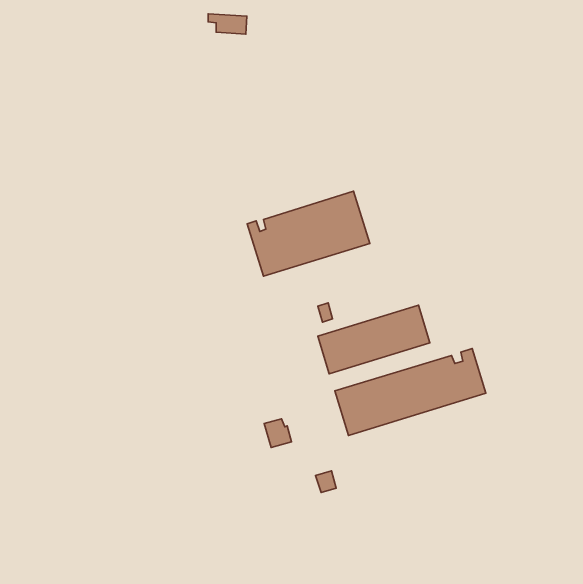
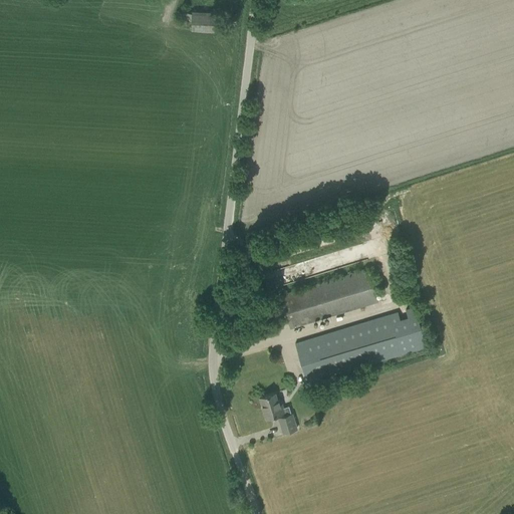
building: [247,191,370,276] -> none
building: [264,419,292,448] -> [259,393,283,418]

